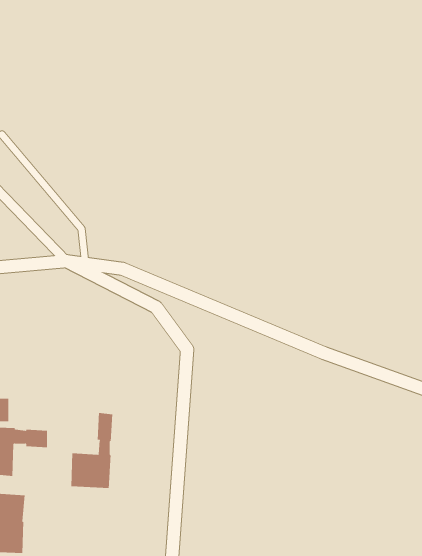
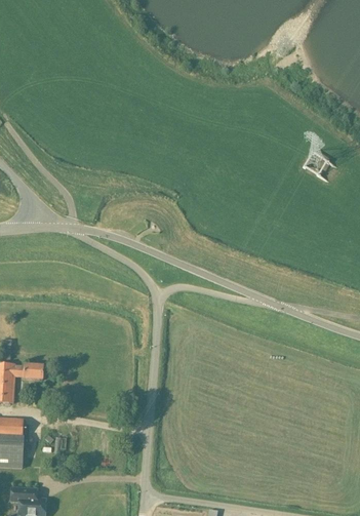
building: [71,412,113,489] -> none

